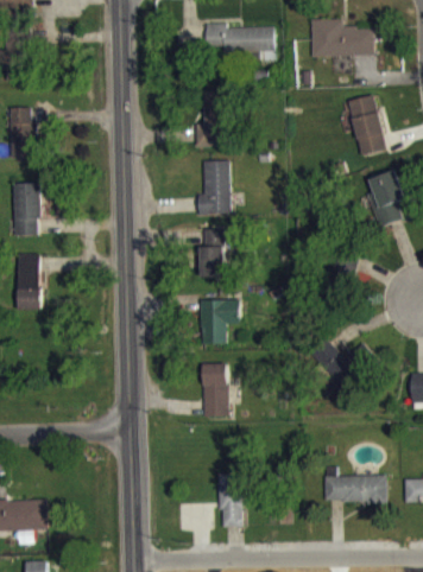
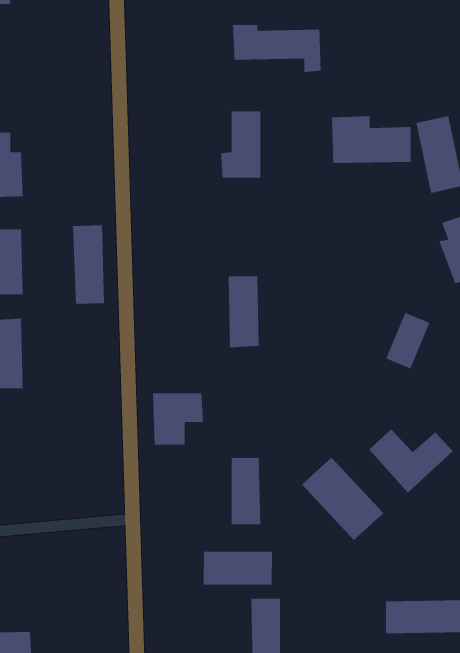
building: [310,19,373,57] -> [331,115,411,164]
building: [197,161,231,216] -> none
building: none -> [72,225,105,304]
building: [200,300,240,342] -> [152,393,204,446]
building: none -> [301,457,384,541]
building: none -> [203,551,273,586]

